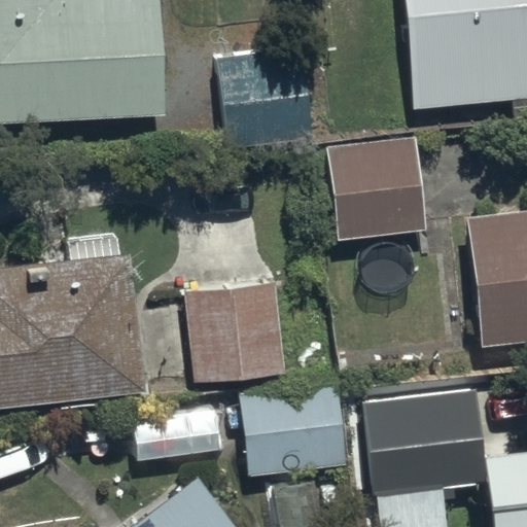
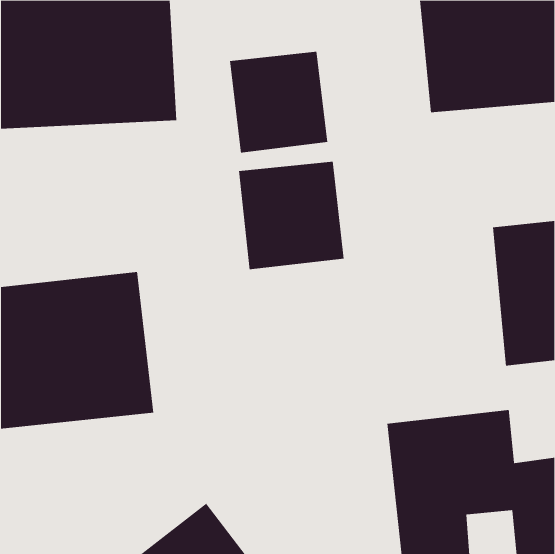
building: [324,137,425,240] -> [238,161,344,270]
building: [181,282,283,384] -> none
building: [239,384,347,479] -> none

